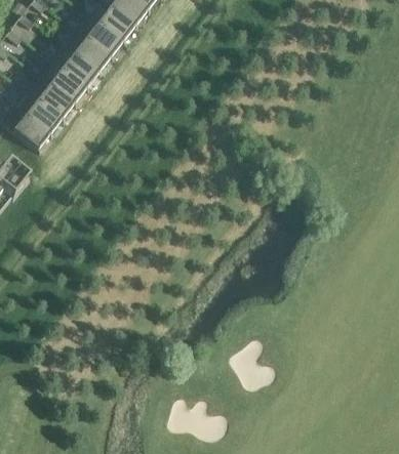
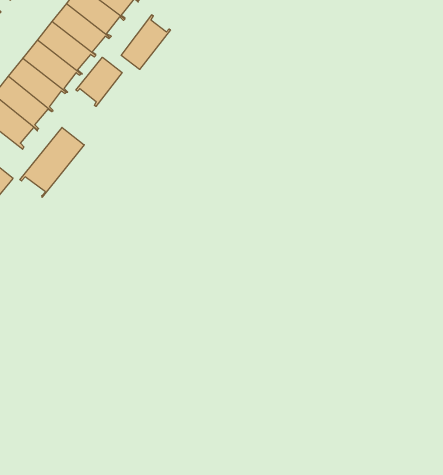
building: none -> [121,15,170,69]
building: none -> [76,57,122,106]
building: none -> [20,127,84,197]

